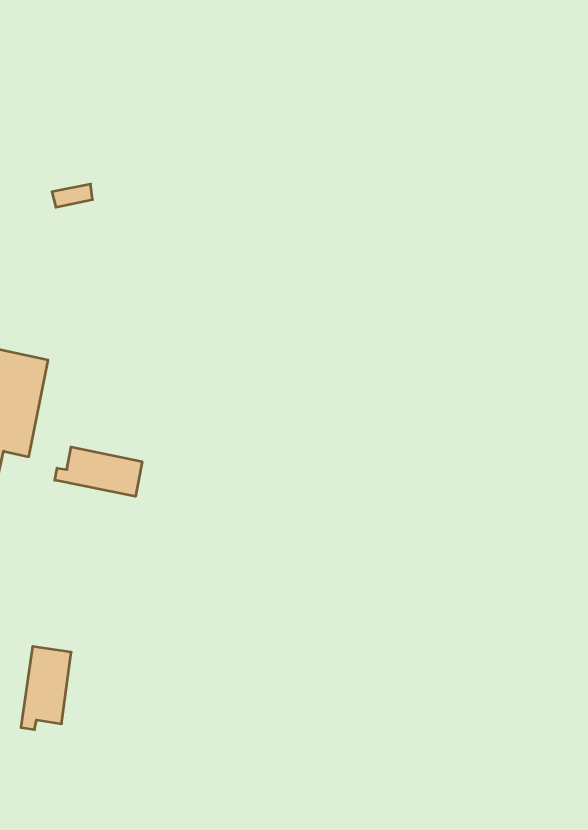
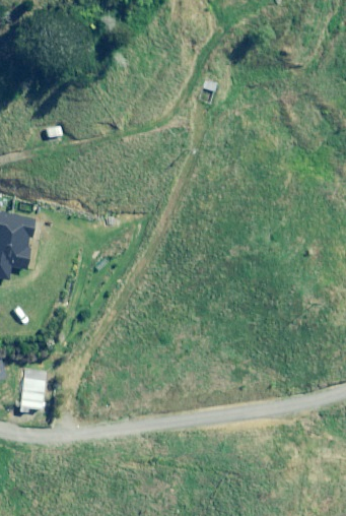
building: [55,447,142,496] -> none

